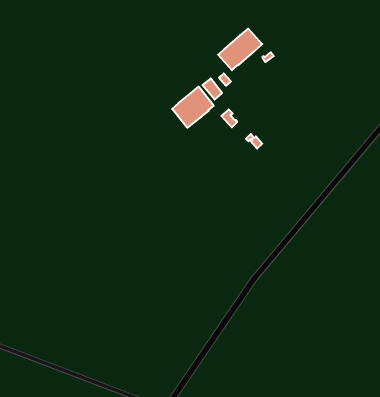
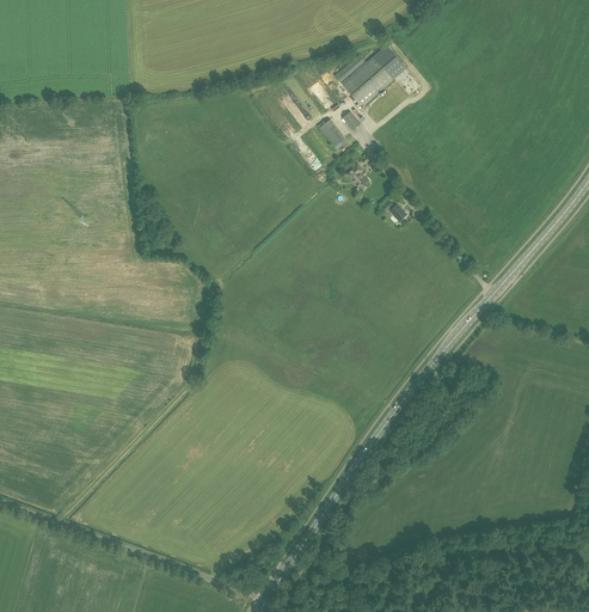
building: [172,87,214,128] -> none

